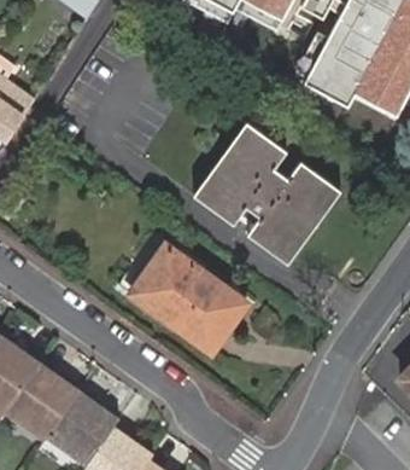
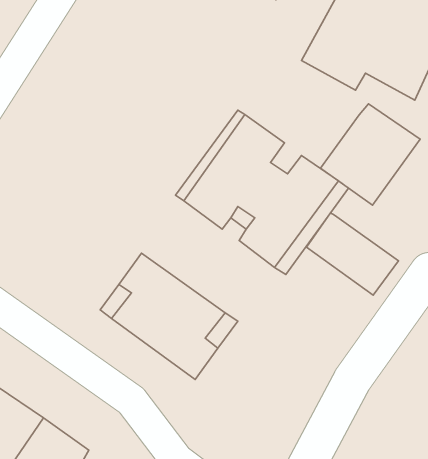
building: none -> [320,104,420,205]
building: none -> [307,213,398,295]

